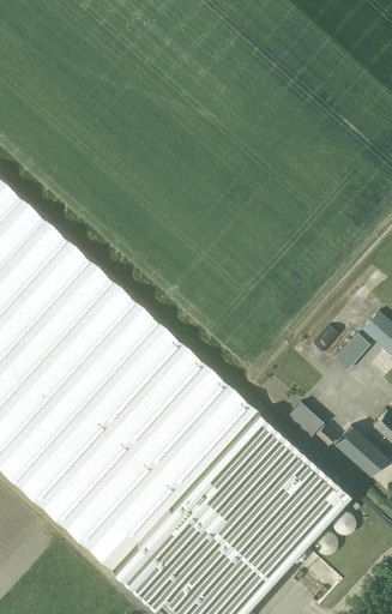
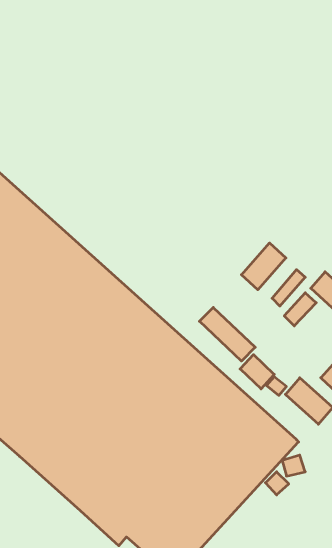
building: none -> [241,243,286,290]
building: none -> [199,307,255,361]

